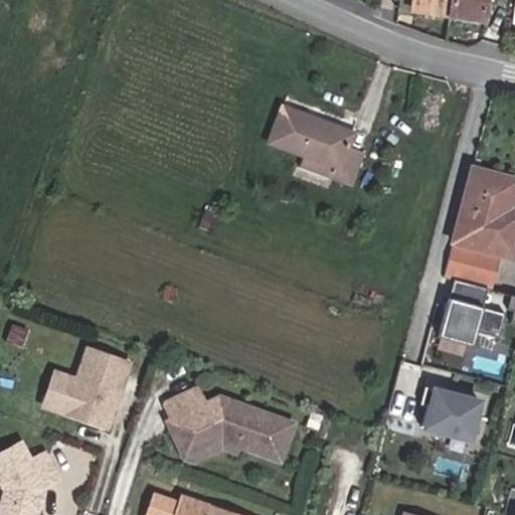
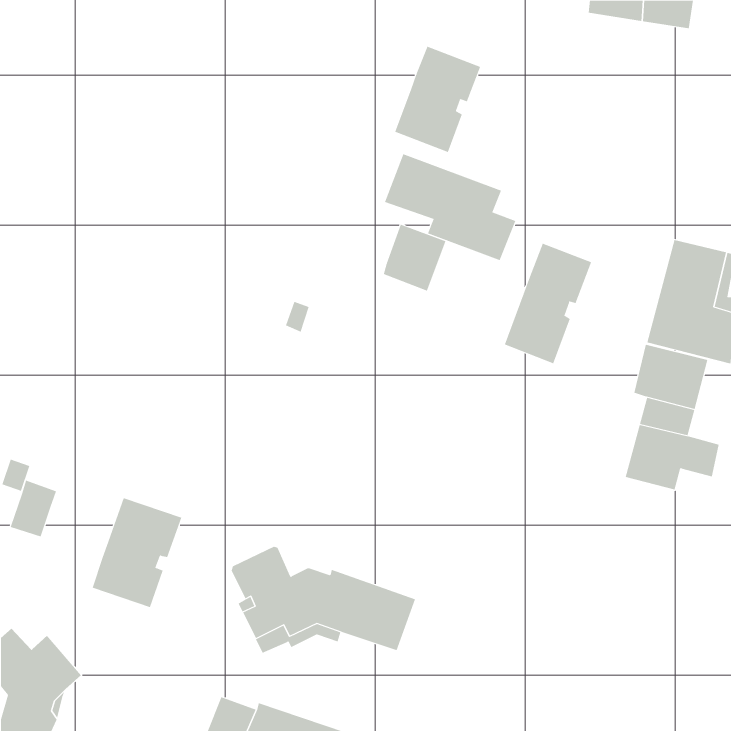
building: none -> [395,46,481,153]
building: none -> [383,224,446,292]
building: none -> [504,243,592,364]
building: [43,373,76,413] -> [10,480,57,537]
building: [422,386,481,439] -> none

